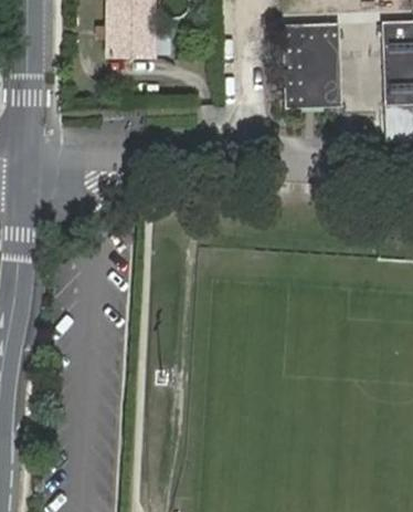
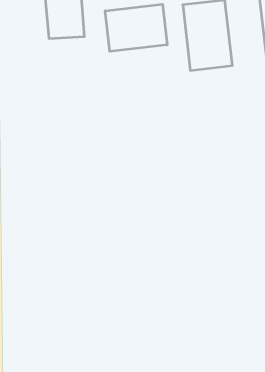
building: none -> [105,4,167,51]

